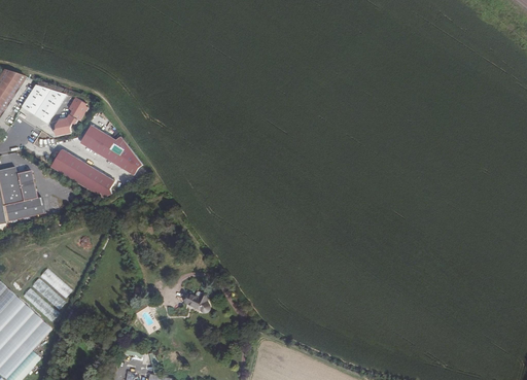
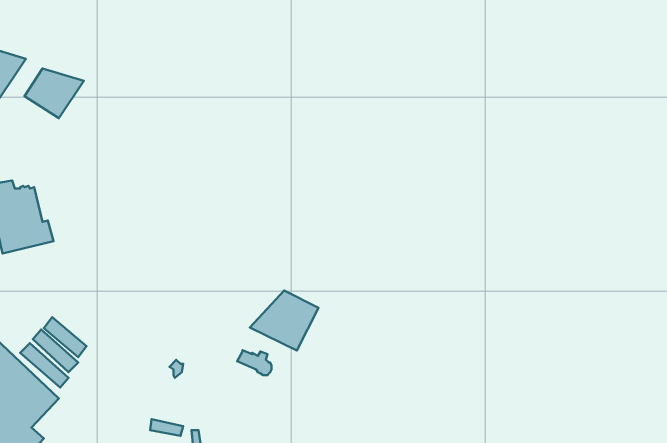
building: [51,99,84,137] -> none
building: [78,123,140,174] -> none
building: [49,146,112,196] -> none
building: none -> [250,291,319,350]

